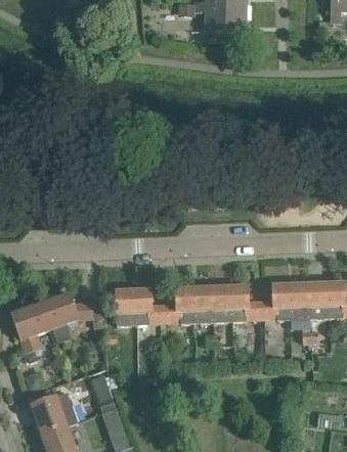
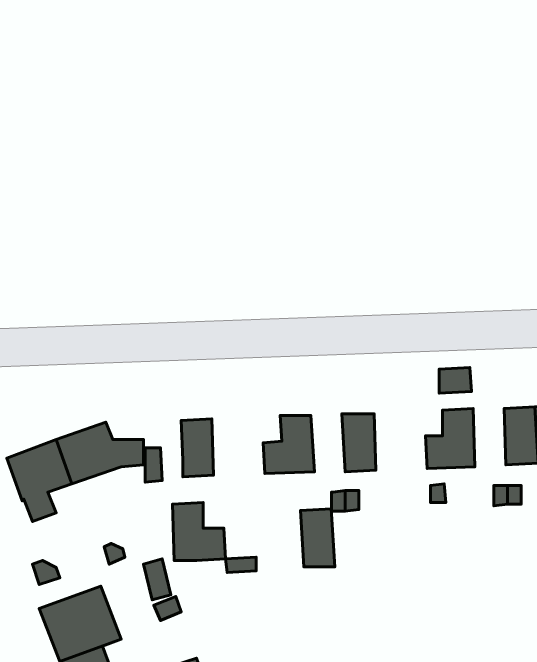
building: [290,283,309,318] -> none
building: [230,285,262,320] -> none
building: [192,286,213,321] -> [301,509,335,567]
building: [133,288,165,323] -> [173,503,225,561]

